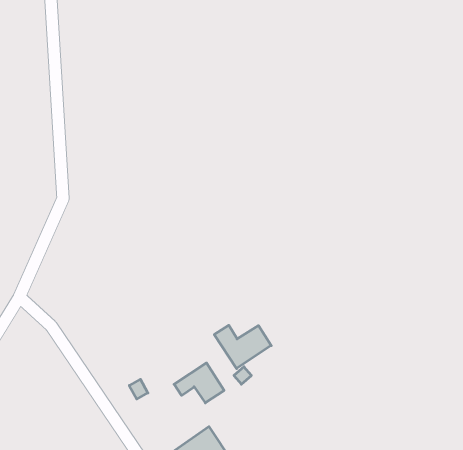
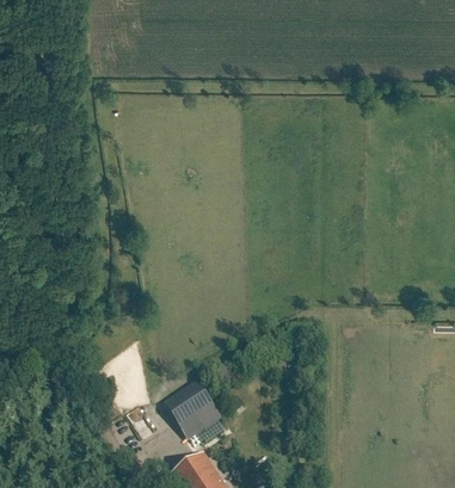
building: [214,325,271,369] -> none

